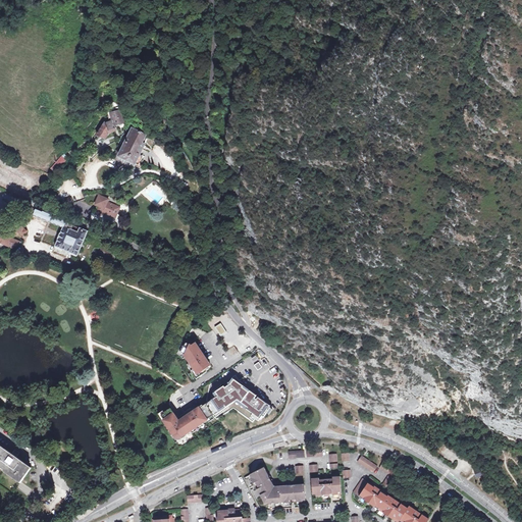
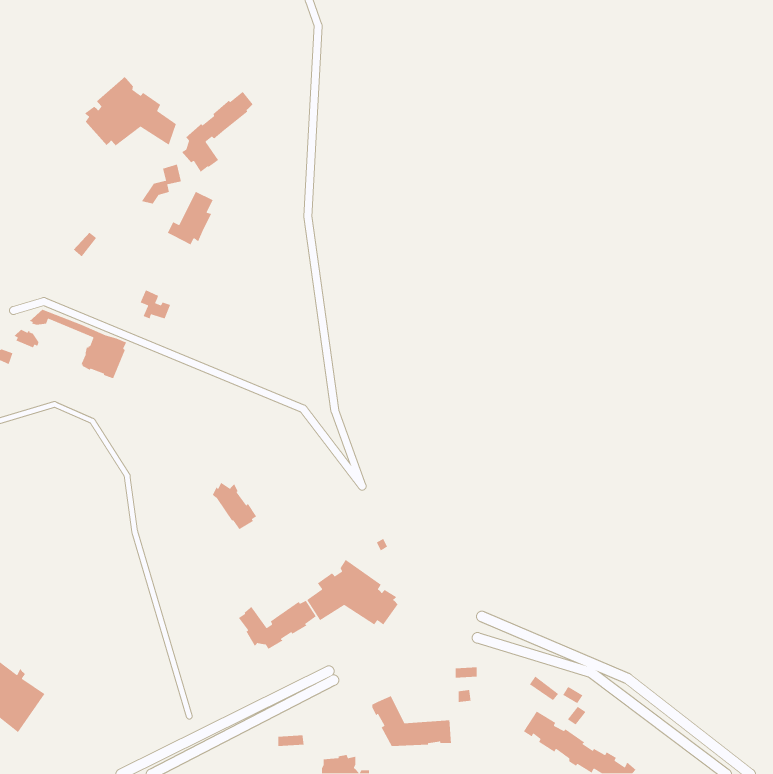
building: none -> [84,76,177,147]
building: none -> [181,91,254,173]
building: [179,343,210,375] -> [212,482,257,530]
building: [310,476,341,494] -> none

